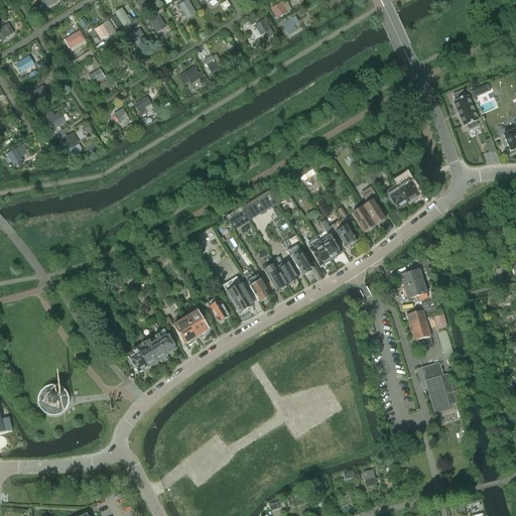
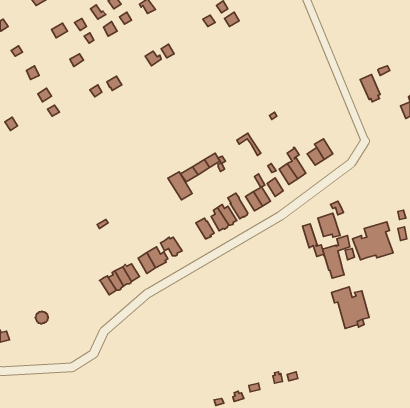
building: [222,276,252,311] -> [168,172,192,200]
building: none -> [353,222,393,260]
building: none -> [302,224,324,256]

